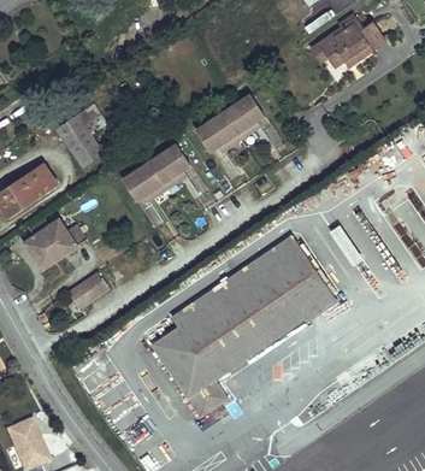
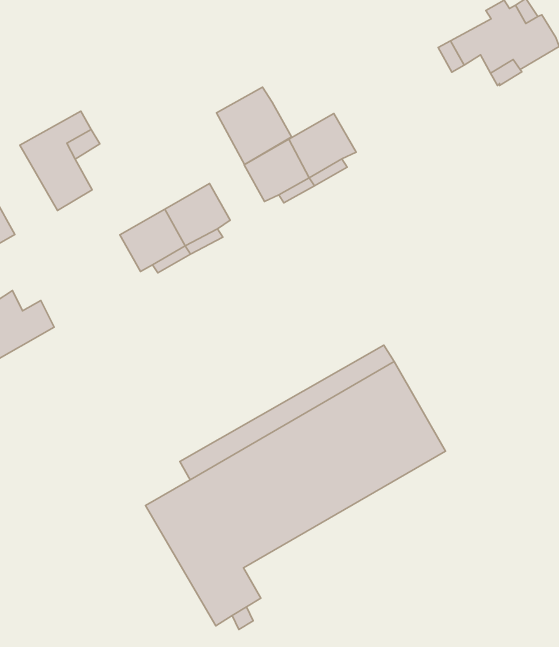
building: none -> [216,87,292,164]
building: [70,271,108,307] -> none

